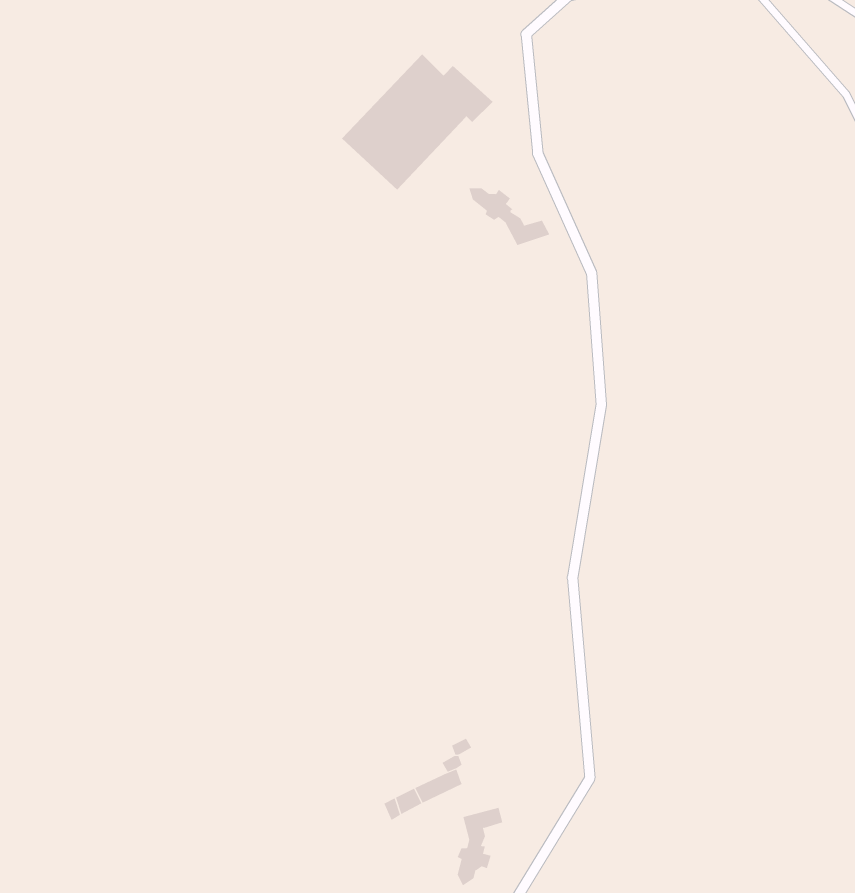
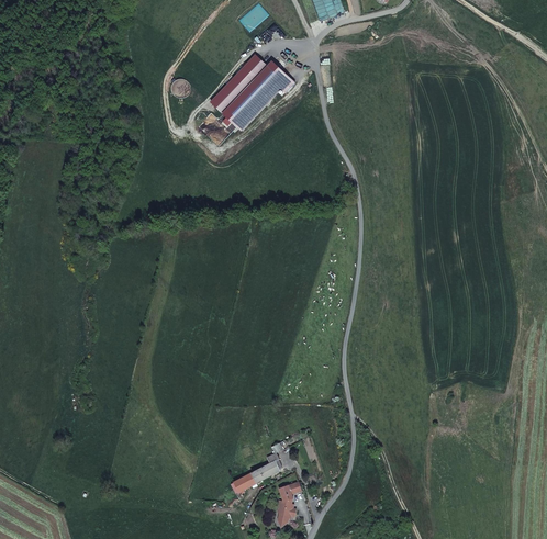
building: [469,187,550,246] -> none

